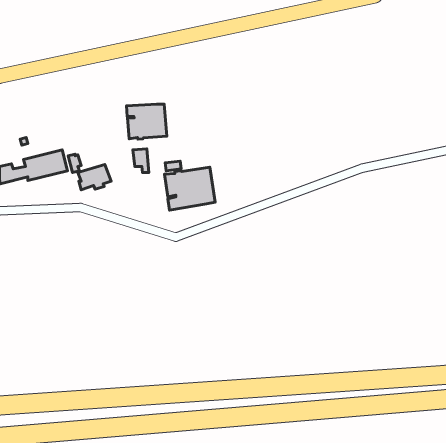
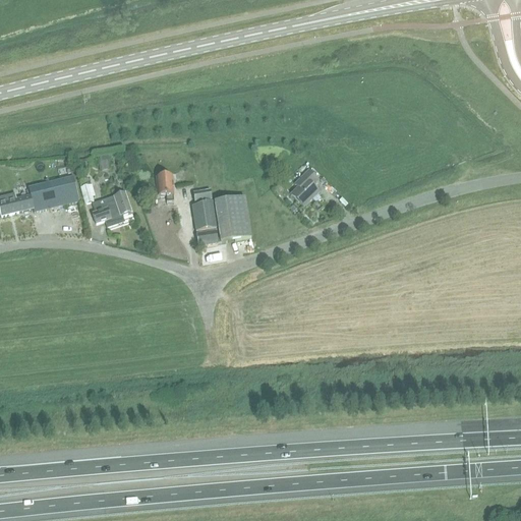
building: [126,104,167,139] -> none
building: none -> [290,167,317,205]

